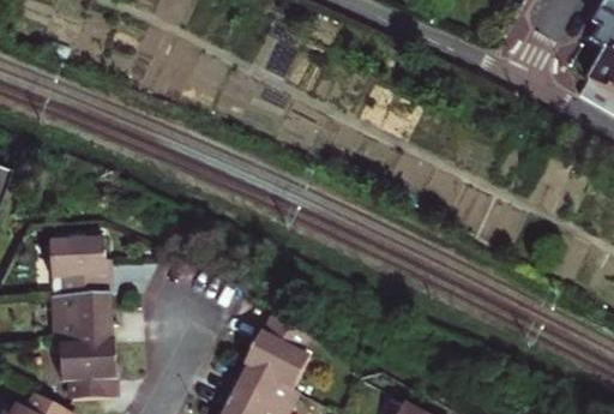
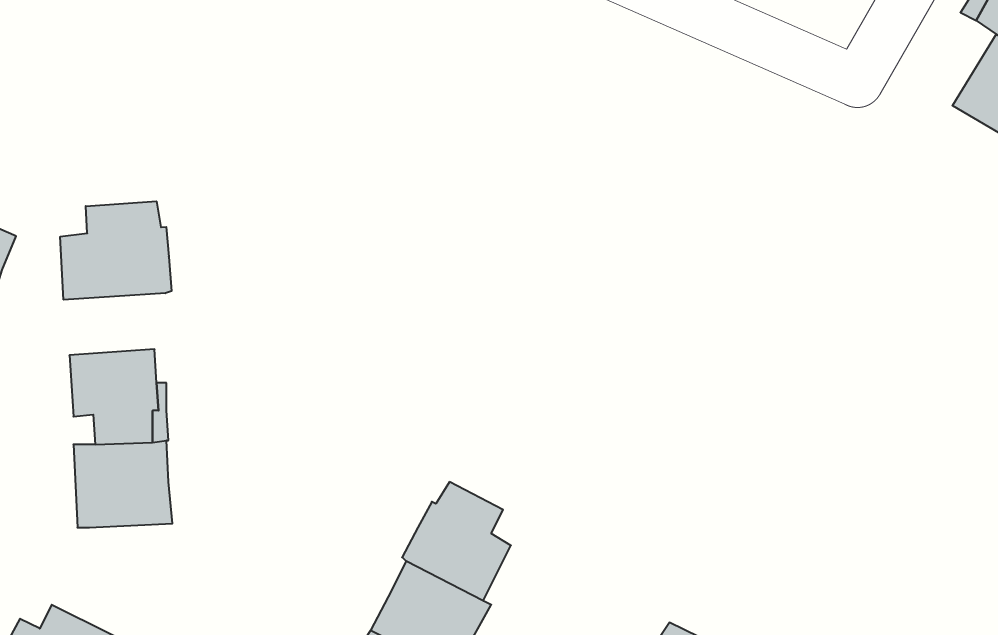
building: none -> [60,201,172,300]
building: [56,344,110,402] -> none

